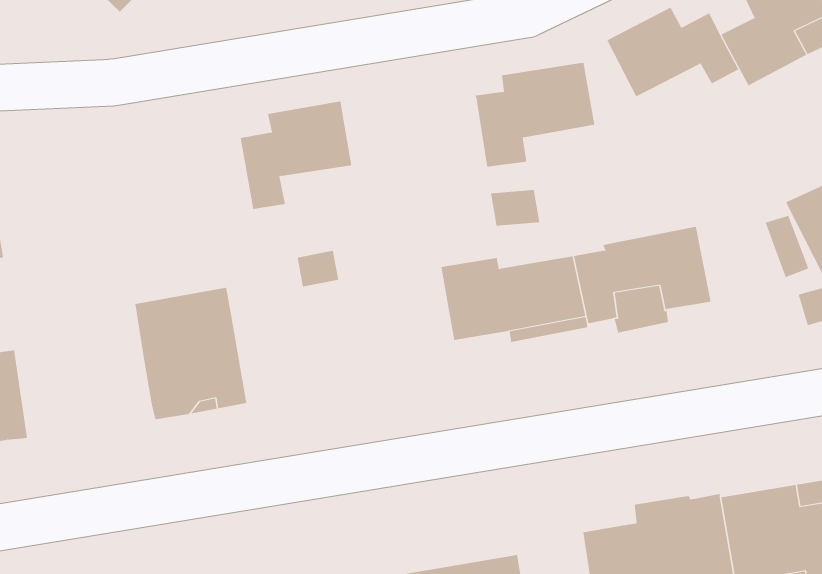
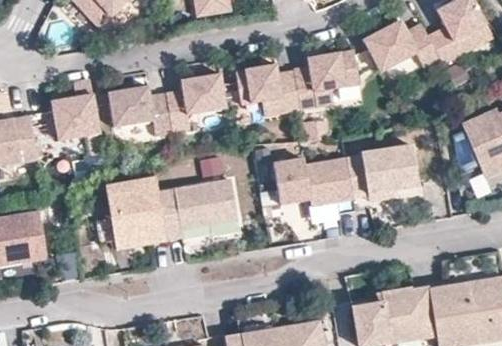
building: none -> [235,66,300,117]
building: none -> [51,82,100,141]
building: none -> [108,87,173,136]
building: none -> [162,178,241,238]

